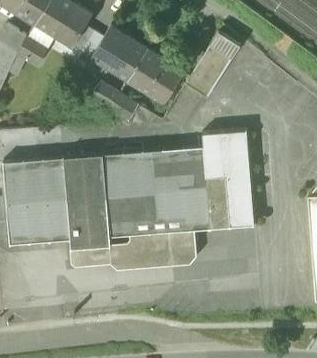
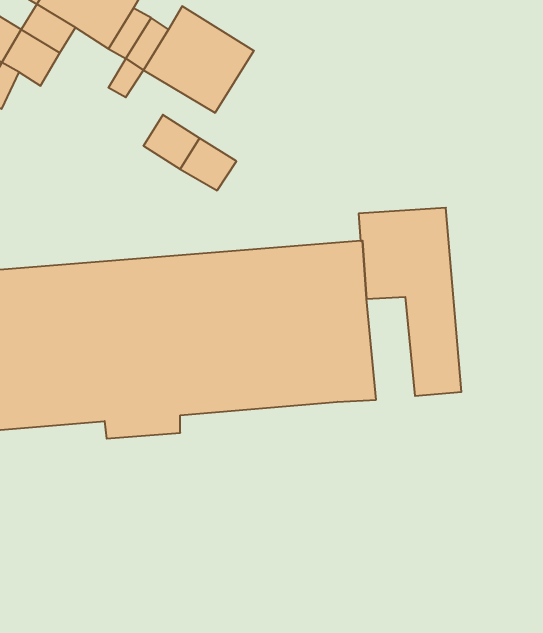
building: [185,32,240,98] -> none
building: [127,49,184,104] -> none
building: [205,176,230,229] -> none
building: [71,230,192,267] -> none

